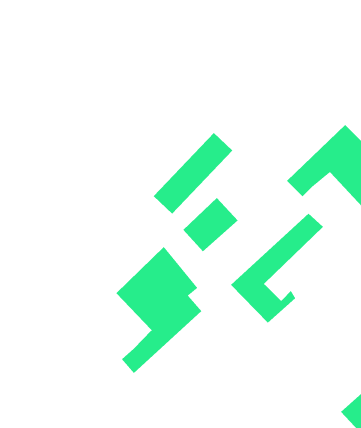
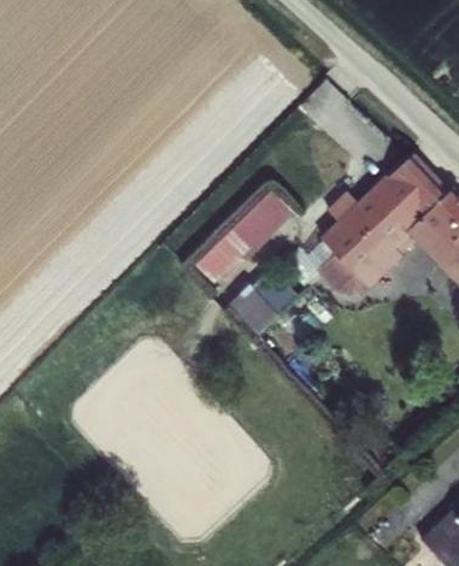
building: [230,213,324,324] -> [313,163,424,294]
building: [115,246,202,374] -> none

